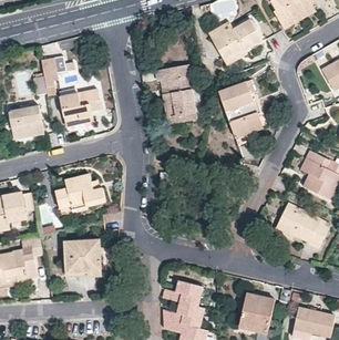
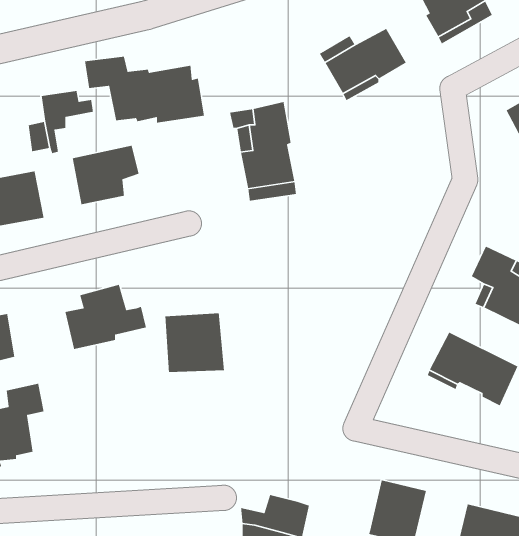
building: none -> [84,56,205,124]
building: [219,81,261,132] -> none
building: [64,239,101,276] -> [164,312,225,373]
building: [162,279,203,306] -> none

